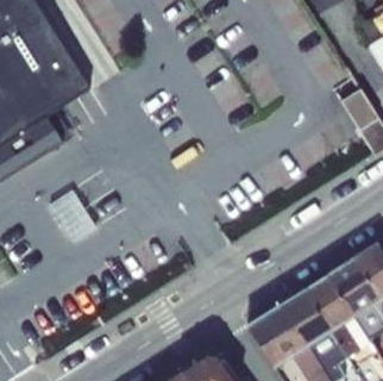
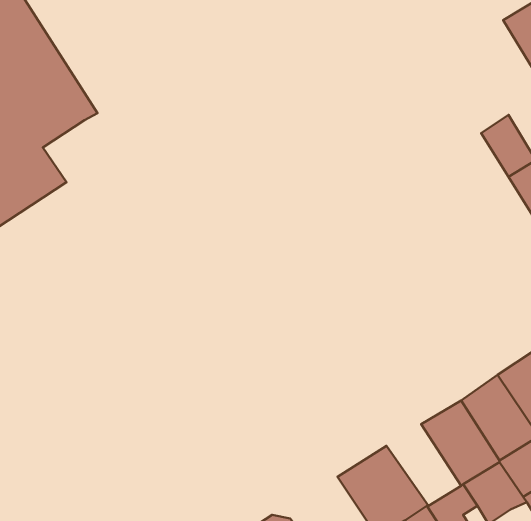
building: [278,292,327,345] -> none

